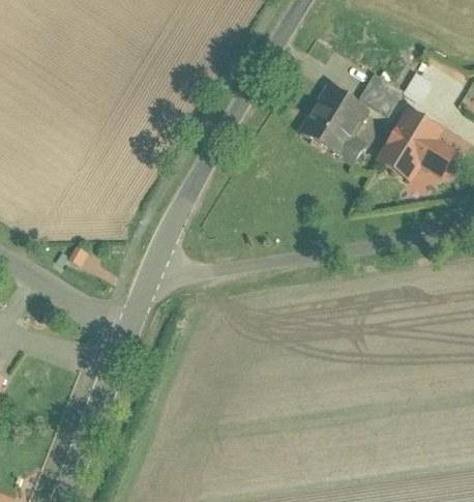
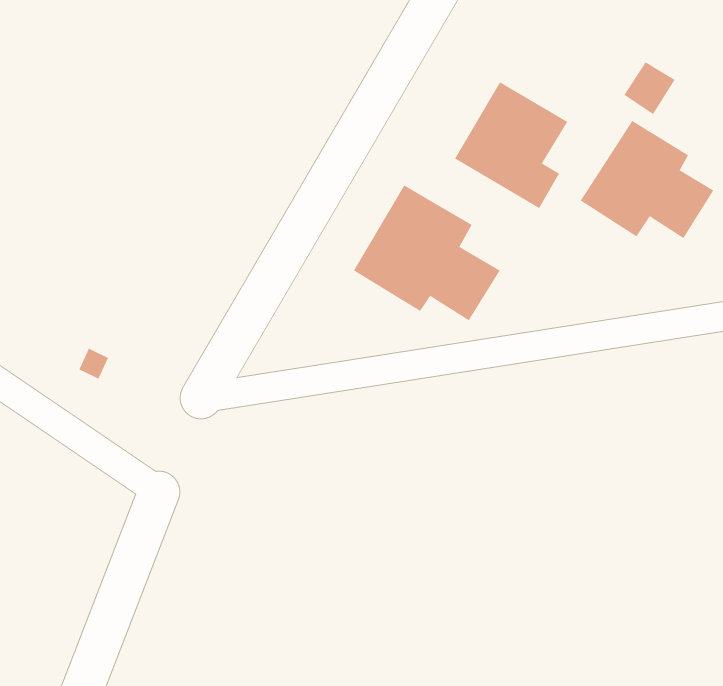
building: [361,72,403,113] -> none
building: none -> [353,184,500,321]

